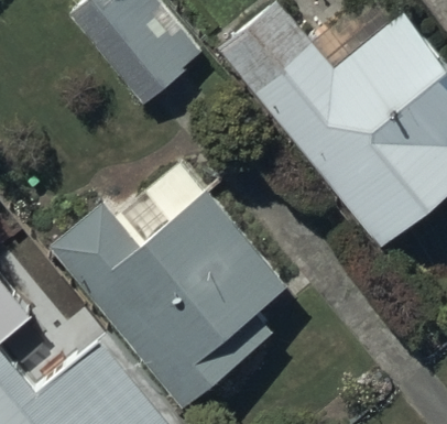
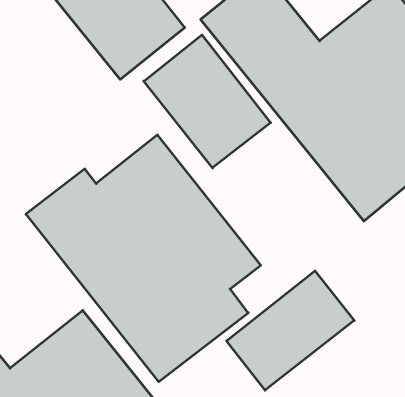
building: none -> [144,35,271,168]
building: none -> [227,271,354,390]

